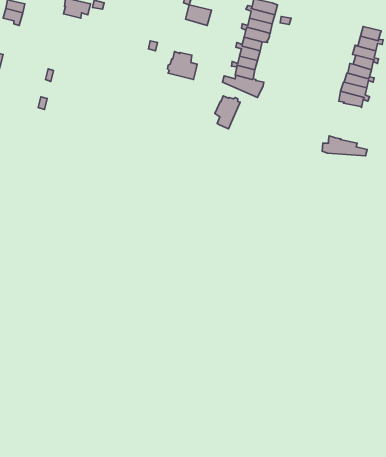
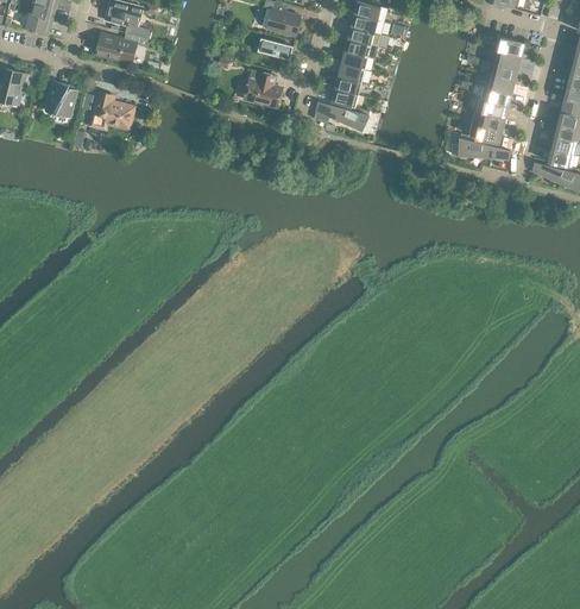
building: none -> [96,31,149,61]
building: none -> [257,36,292,58]
building: none -> [45,80,76,115]
building: none -> [92,90,133,127]
building: [215,96,240,129] -> none
building: [322,136,367,156] -> [450,132,510,158]

